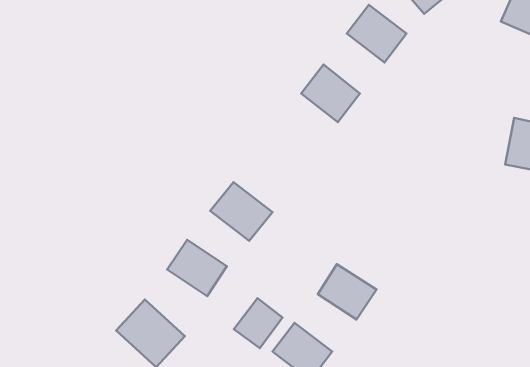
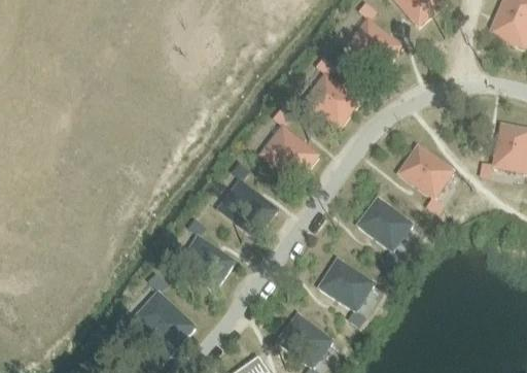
building: none -> [261,128,319,182]
building: none -> [398,145,453,198]
building: none -> [357,197,413,250]
building: [234,298,283,348] -> none

